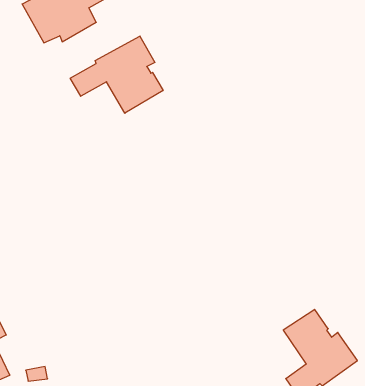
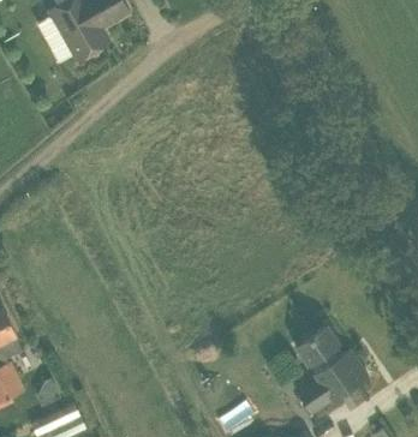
building: [70,36,163,113] -> none

